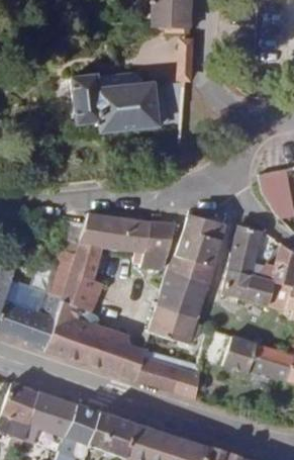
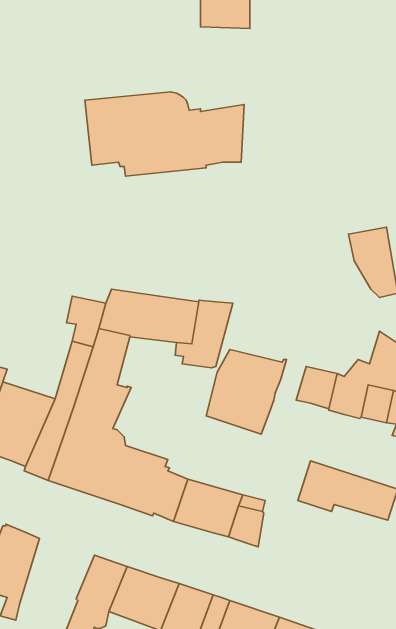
building: [174,217,224,267] -> none
building: [228,226,262,275] -> none
building: [148,305,200,346] -> none
building: [23,393,77,442] -> none

